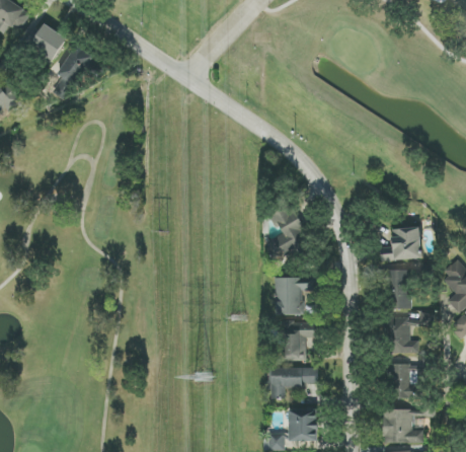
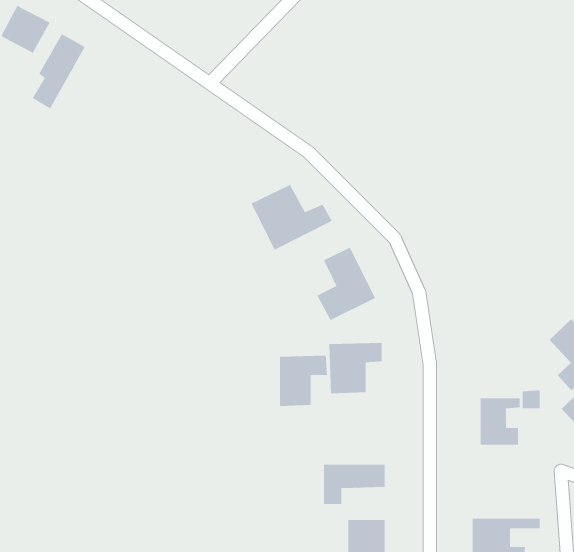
building: none -> [251,184,332,250]
building: [379,227,420,260] -> none
building: [386,270,410,309] -> none
building: [281,322,317,361] -> [279,355,328,407]
building: [387,357,431,398] -> none

